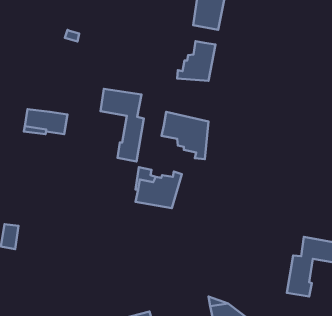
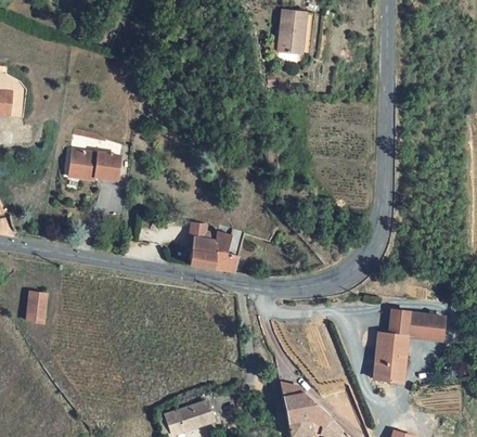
building: [177,41,216,81] -> none
building: [100,89,144,161] -> none
building: [161,112,209,159] -> none

